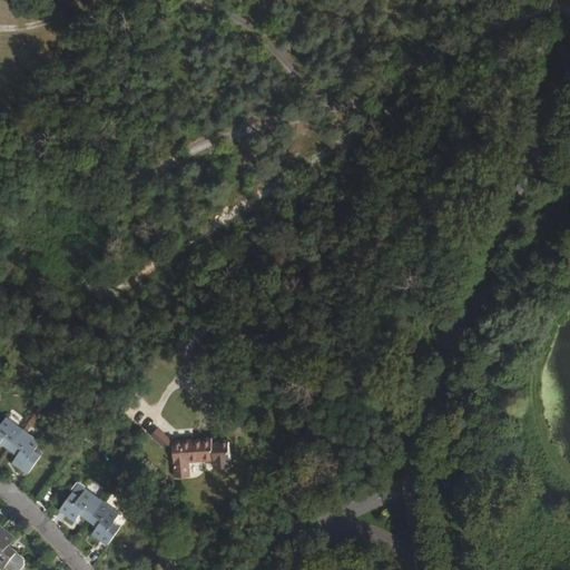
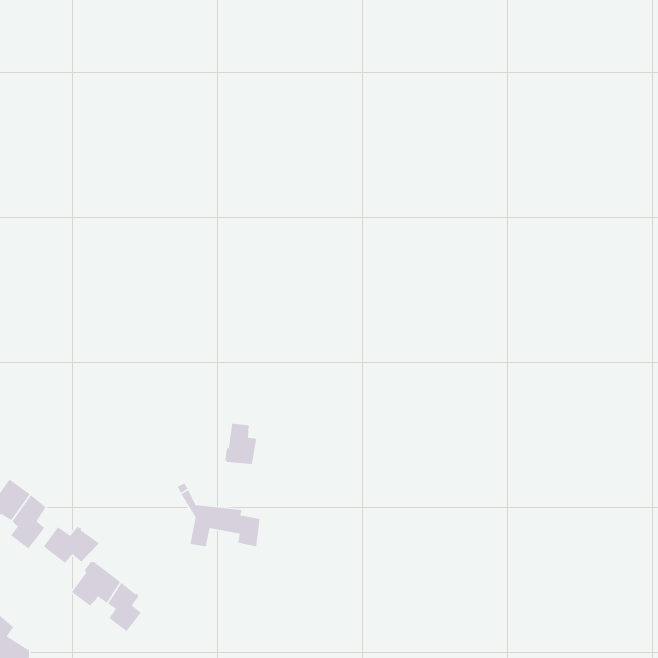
building: none -> [225,423,257,465]
building: none -> [43,526,100,564]

